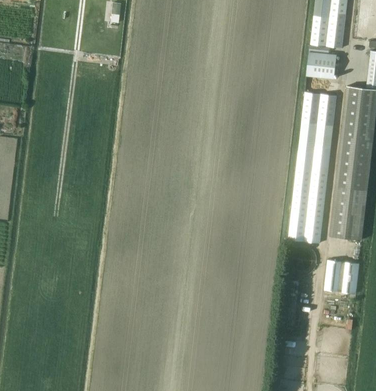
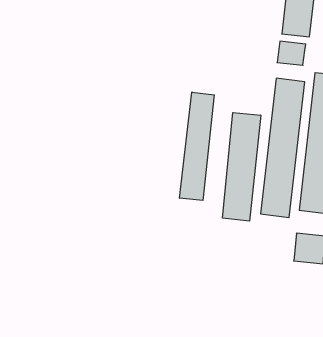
building: none -> [180,92,214,200]
building: none -> [223,113,261,221]

